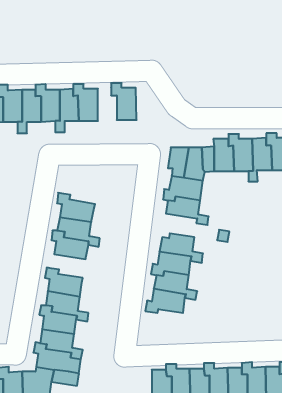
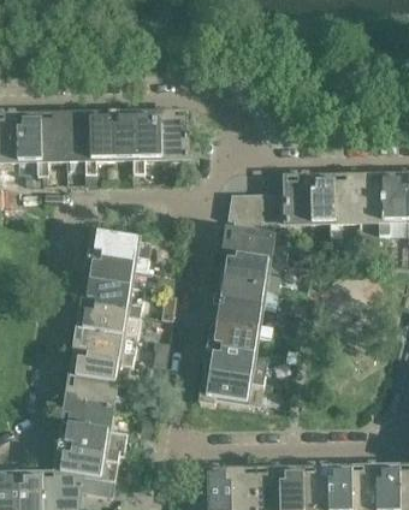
building: none -> [132,114,162,170]
building: none -> [95,231,152,269]
building: none -> [213,274,265,306]
building: none -> [79,326,134,364]

